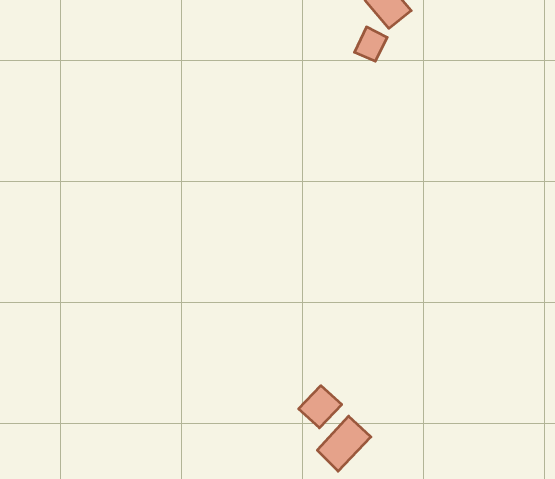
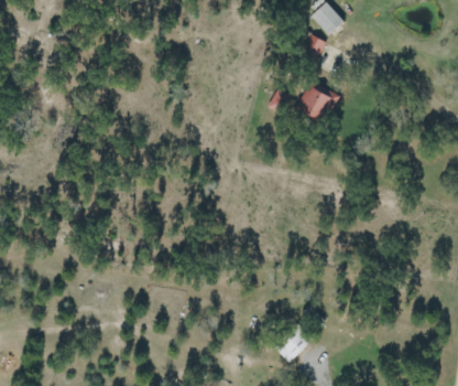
building: none -> [295,81,340,121]
building: [299,386,342,428] -> none

